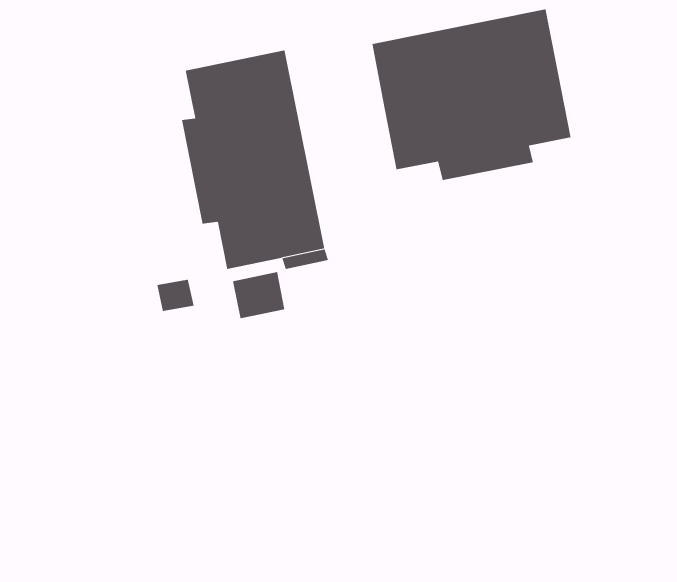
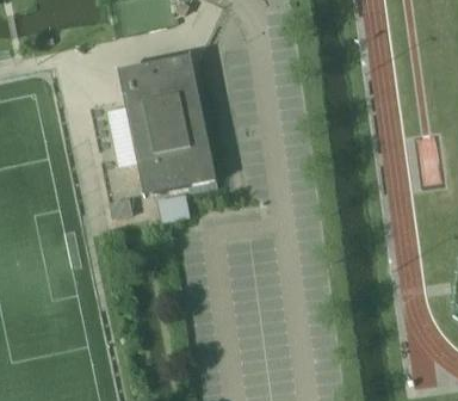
building: [372,9,571,181] -> none

